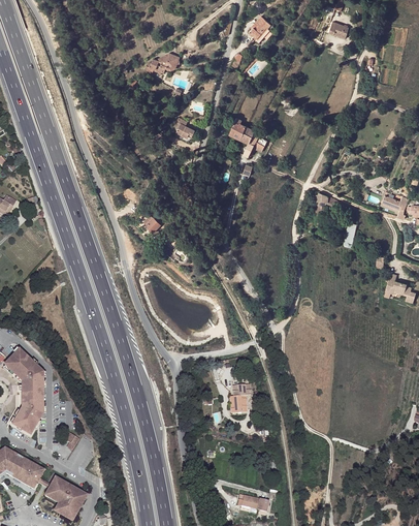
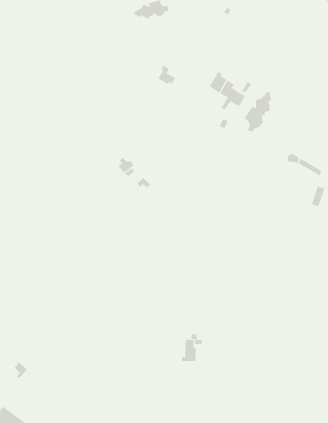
building: none -> [244,91,272,133]

